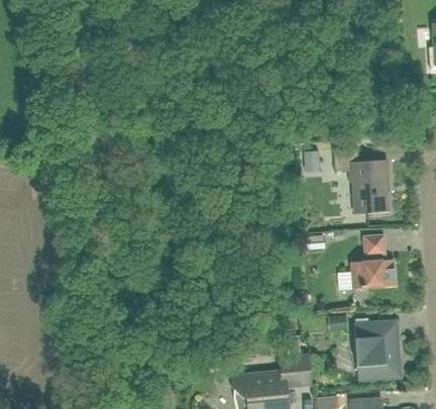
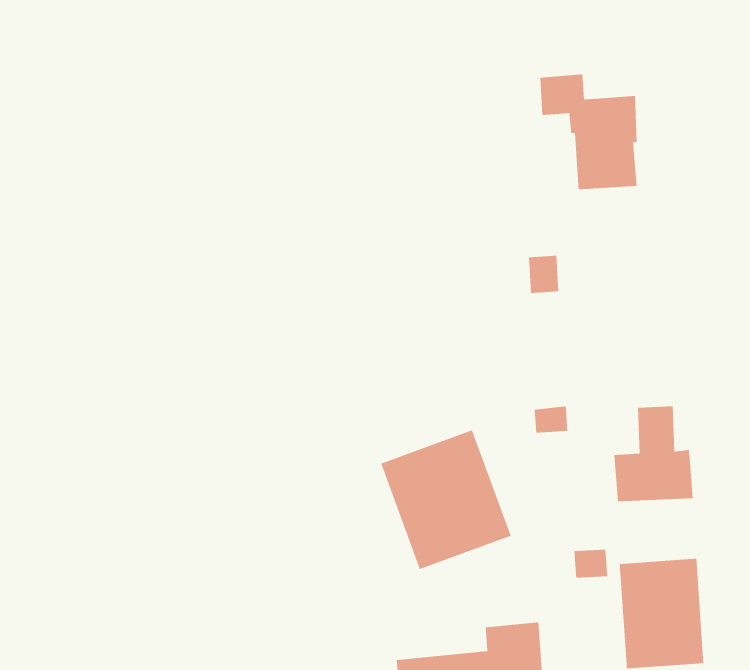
building: [334,147,389,212] -> [540,74,638,190]
building: none -> [380,430,511,570]

